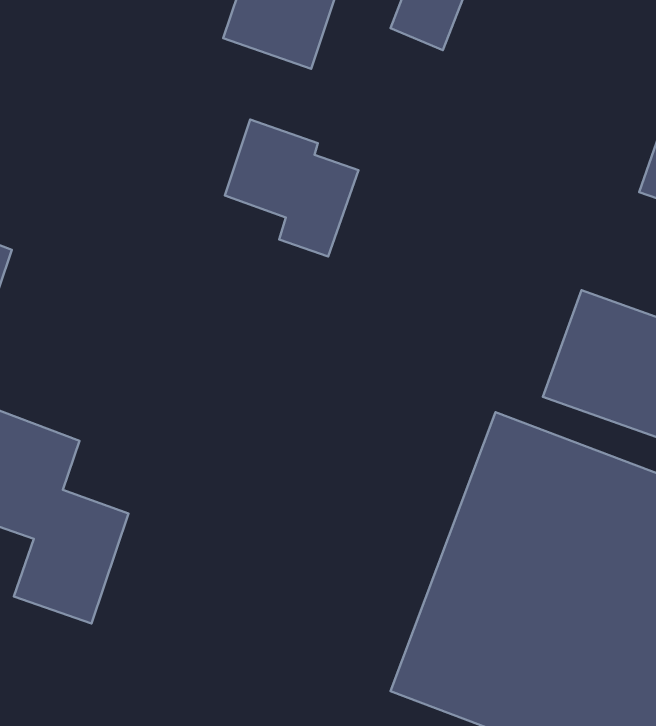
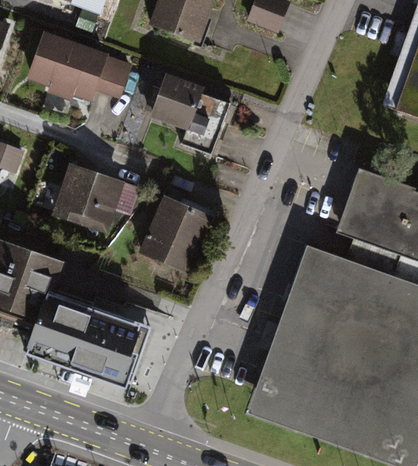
building: none -> [27,30,132,100]
building: none -> [50,160,140,232]
building: none -> [142,198,210,271]
building: none -> [70,304,150,389]

